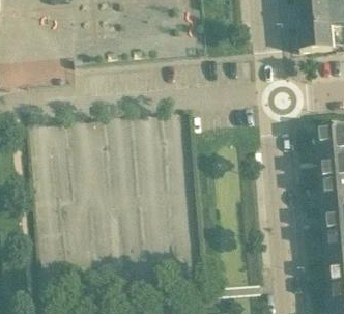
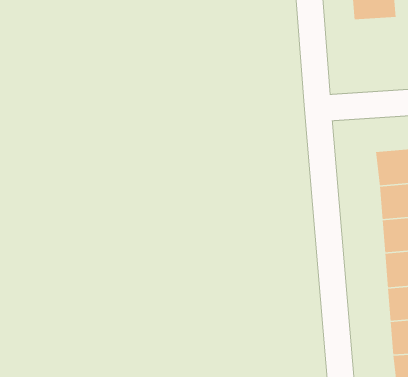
building: [295,22,331,50] -> none

